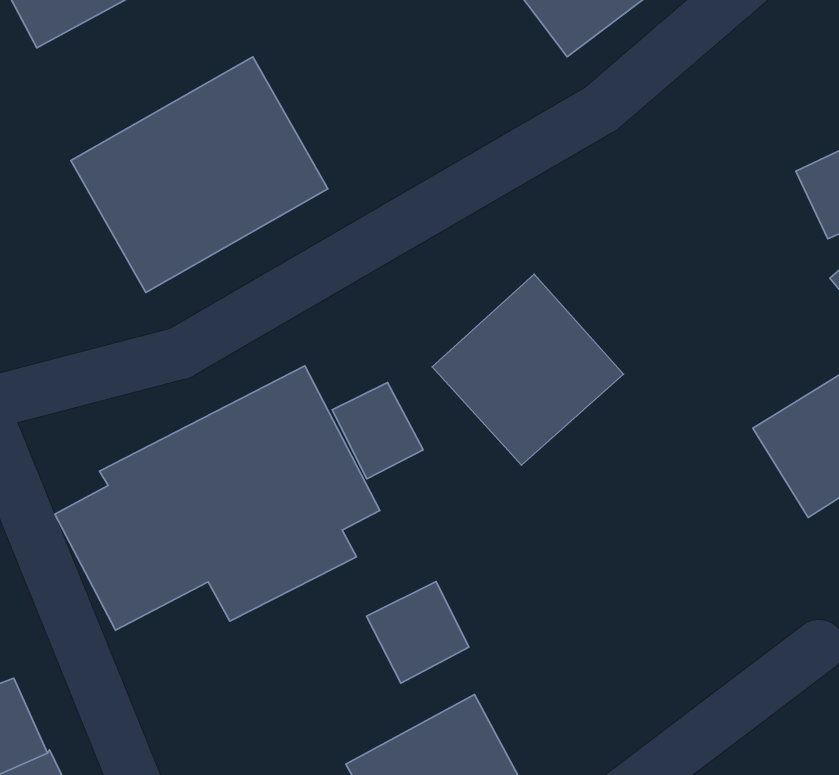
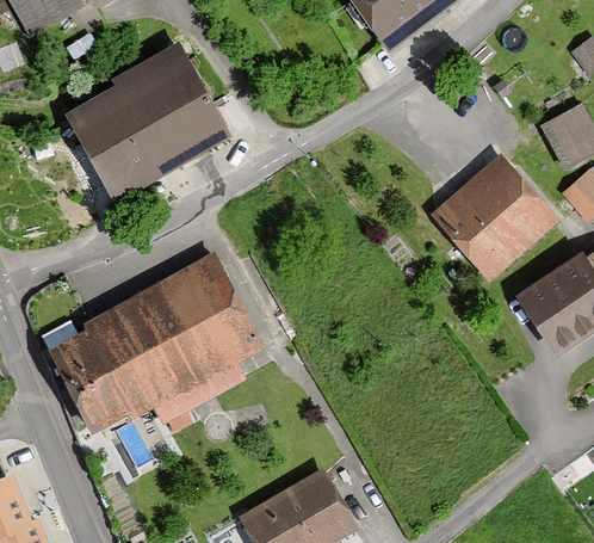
building: [432,274,623,465] -> [431,153,558,280]
building: [332,382,423,479] -> none
building: [367,581,469,683] -> none

